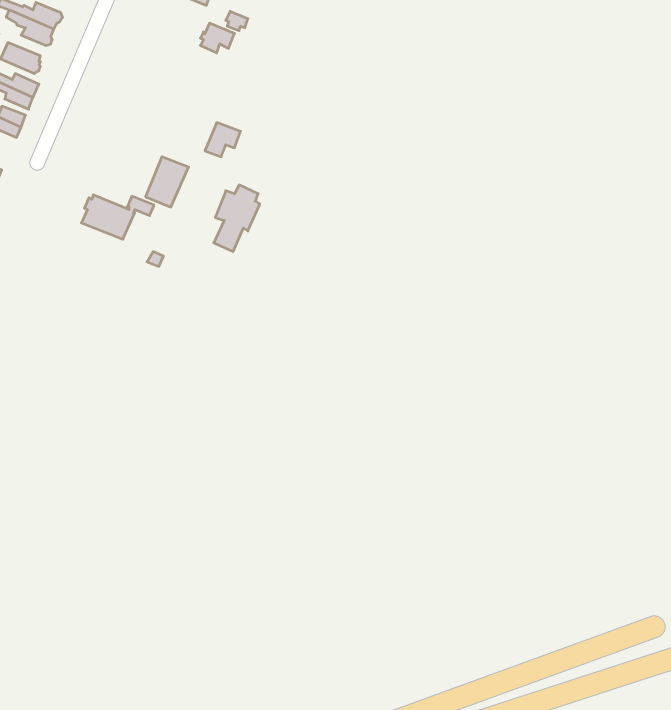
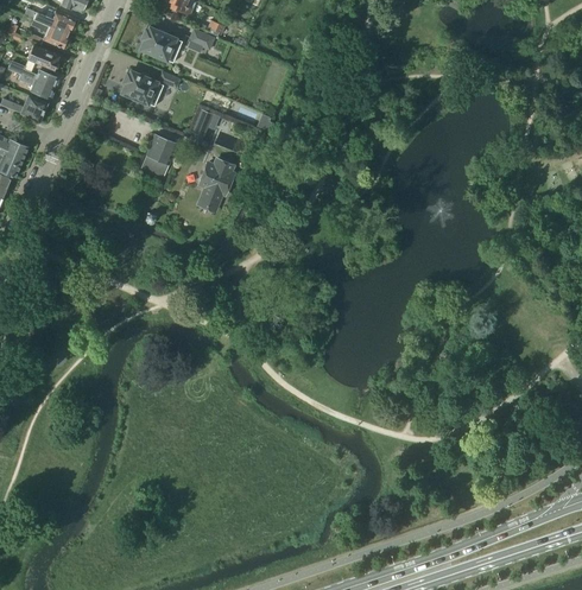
building: none -> [140,26,182,62]
building: [81,195,154,239] -> [121,70,179,106]

